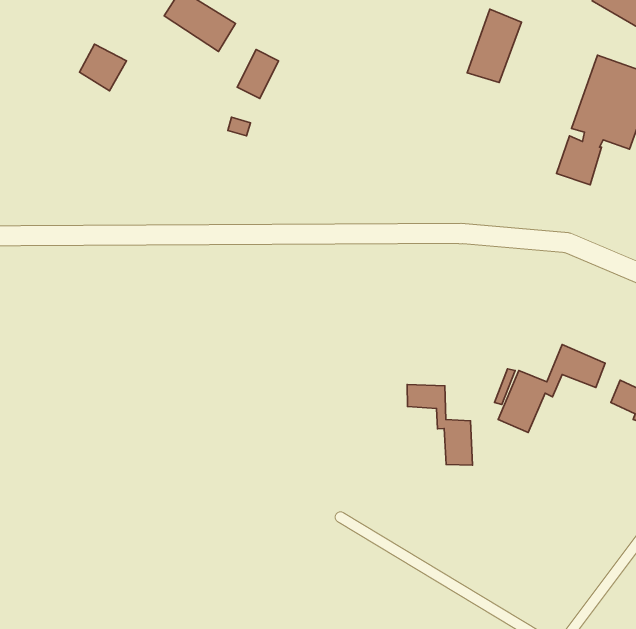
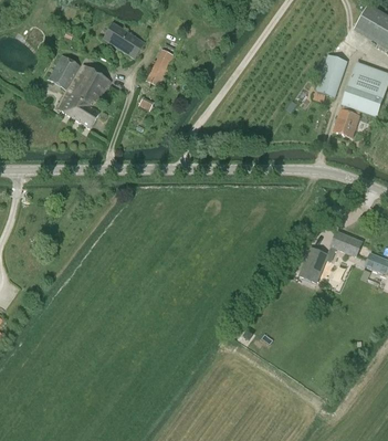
building: [467,9,522,82] -> [315,53,347,96]
building: none -> [57,64,112,128]
building: [407,385,472,465] -> none

